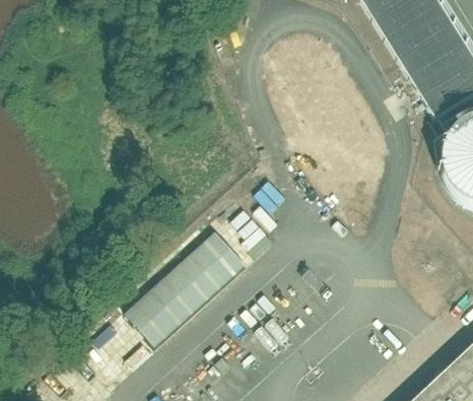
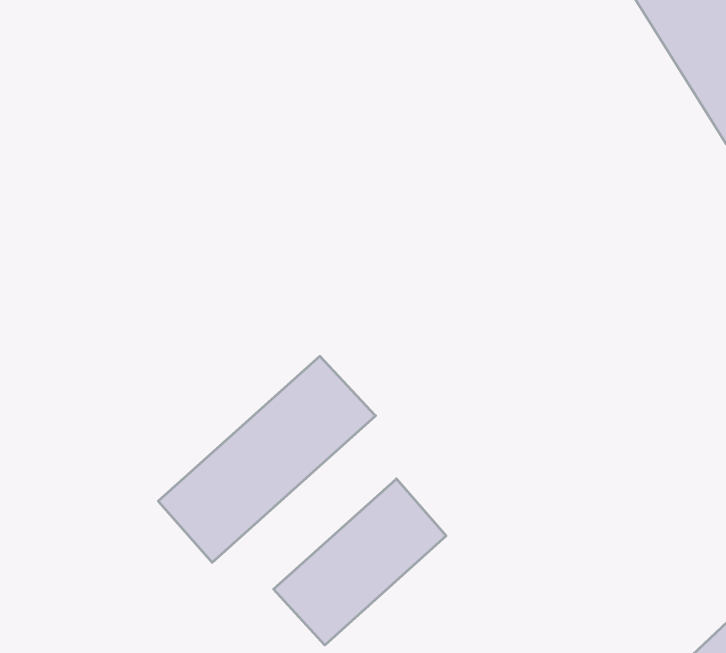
building: none -> [274,479,446,645]

